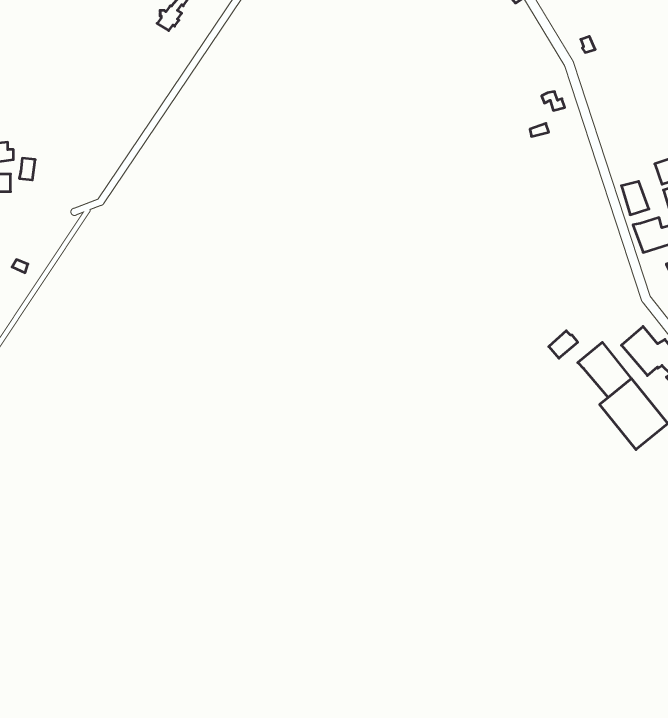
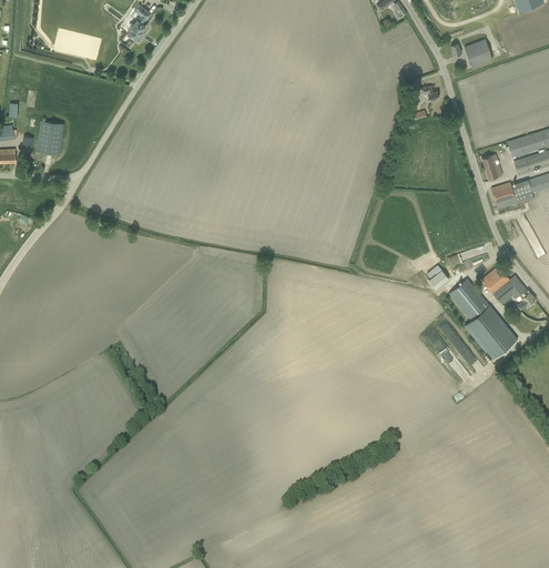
building: none -> [464,39,492,67]
building: none -> [37,120,63,154]

